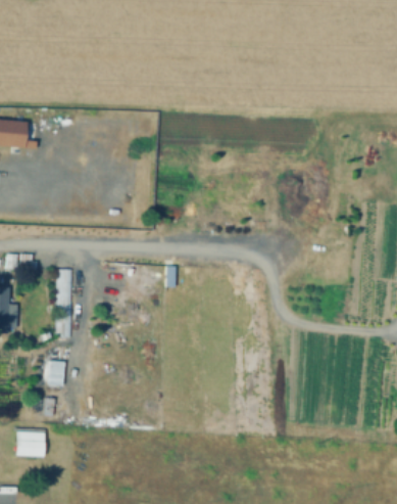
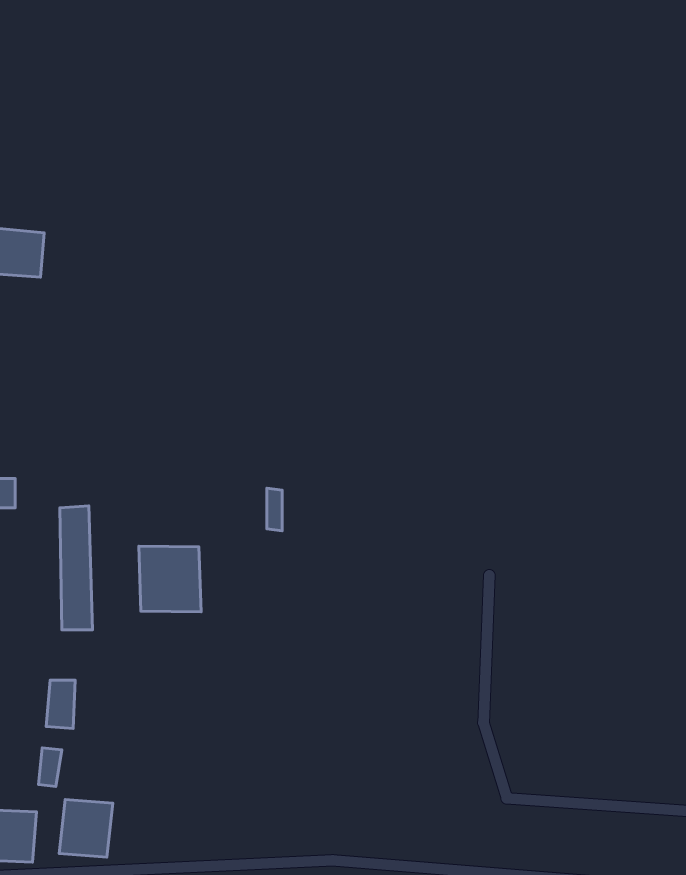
building: none -> [139,546,201,612]
building: none -> [59,800,113,857]

